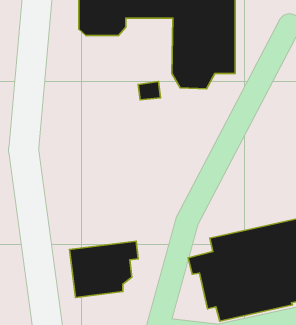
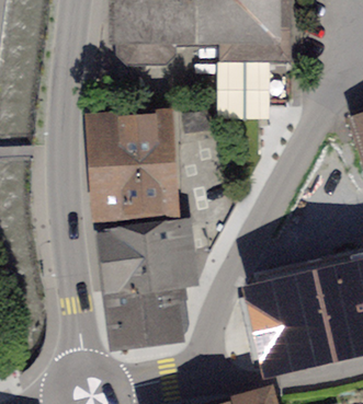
building: none -> [98,119,168,211]
building: none -> [105,227,190,289]

